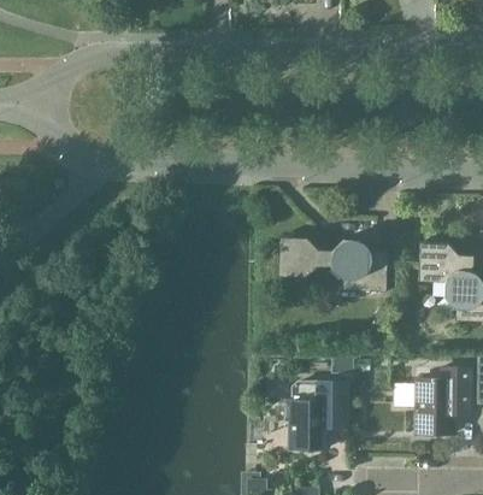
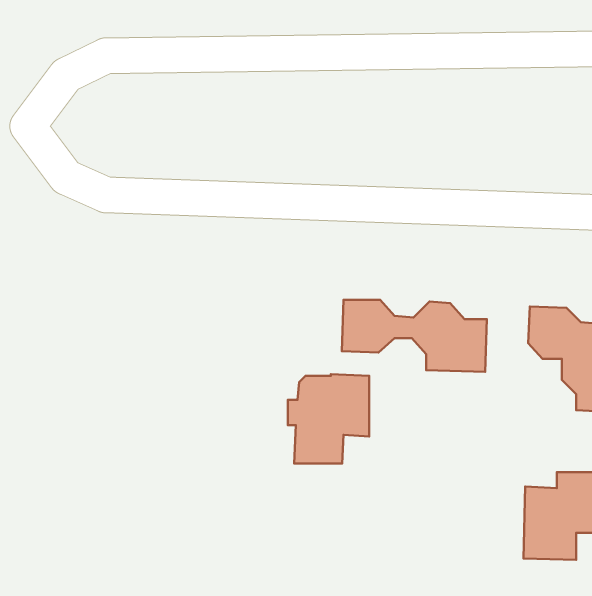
building: [285,381,347,448] -> [288,374,369,464]

